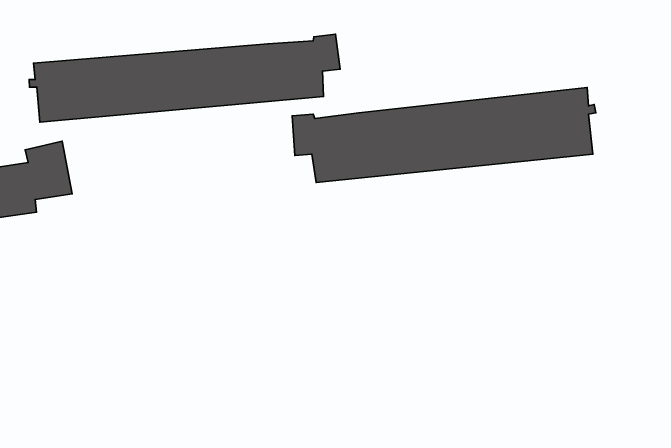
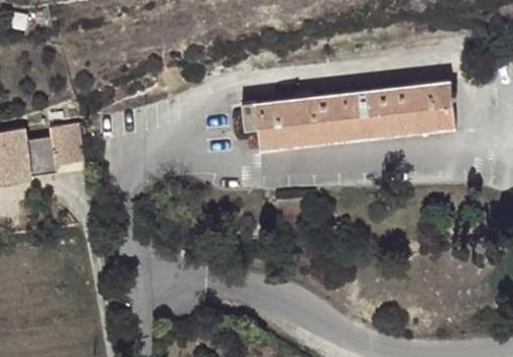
building: [29,34,340,122] -> none

